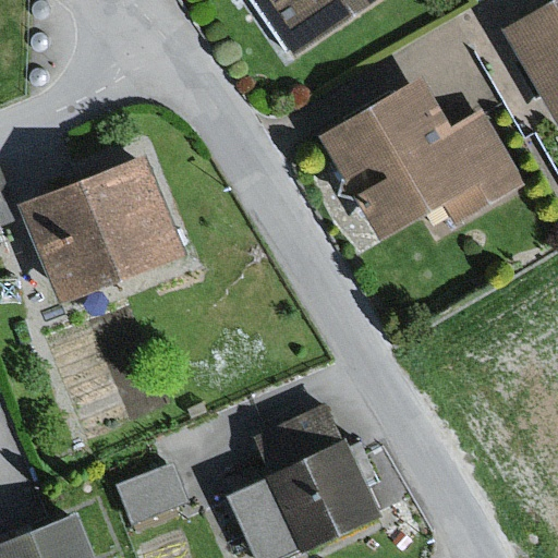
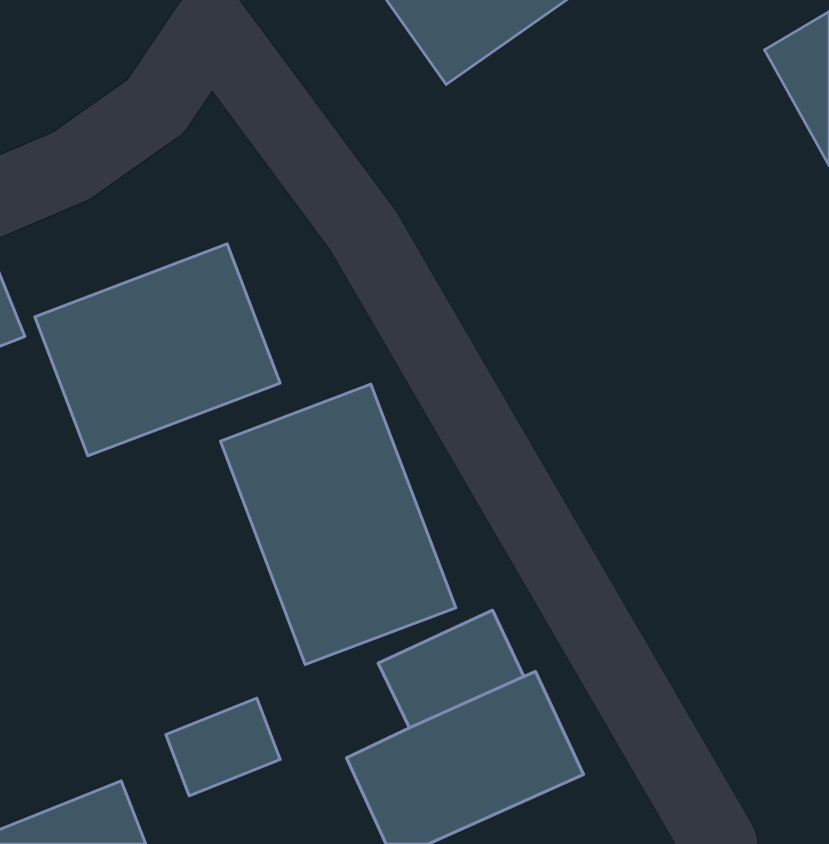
building: [318,76,523,242] -> none
building: none -> [221,384,456,665]

